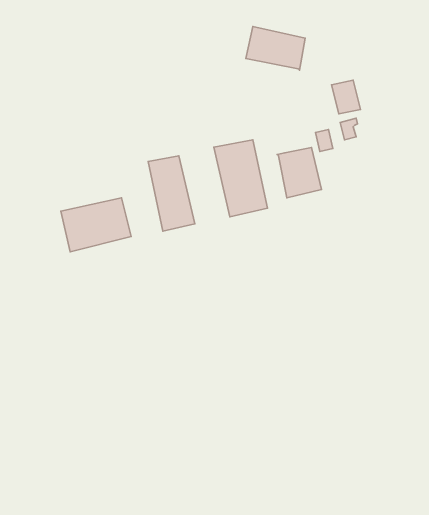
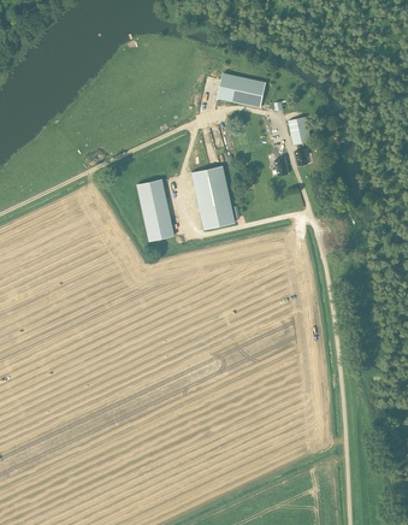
building: [277,148,322,198] -> none
building: [61,198,131,252] -> none

